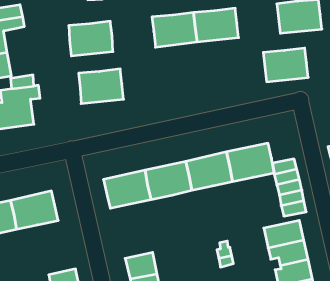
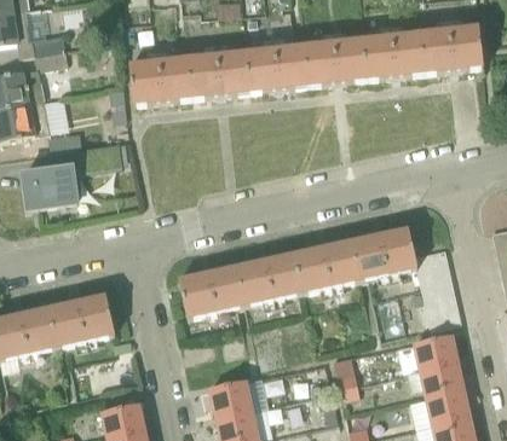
building: [263,48,308,82] -> [362,31,425,79]
building: [79,69,124,104] -> [188,50,250,98]

